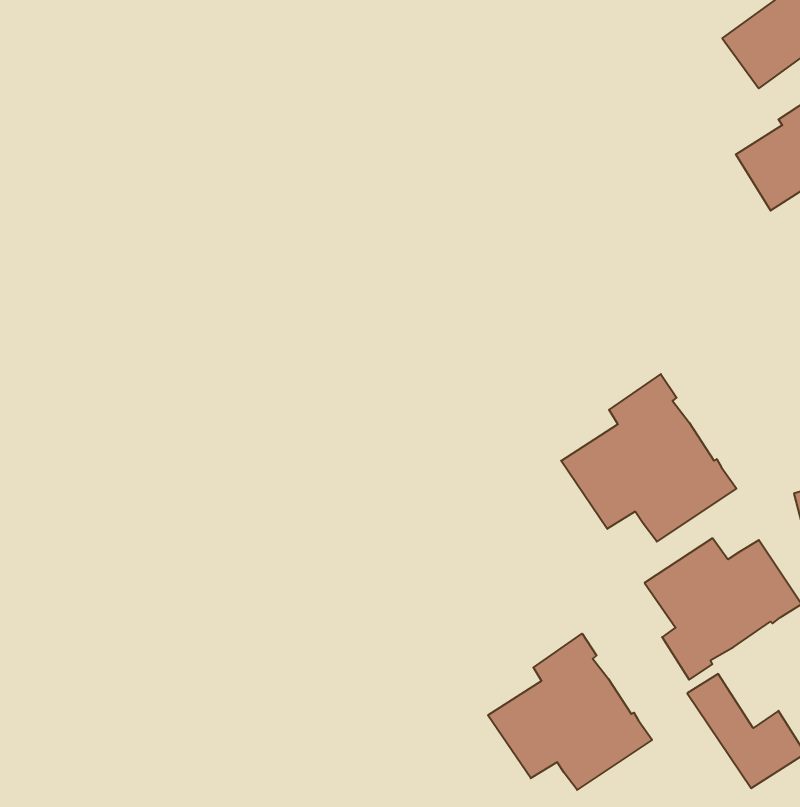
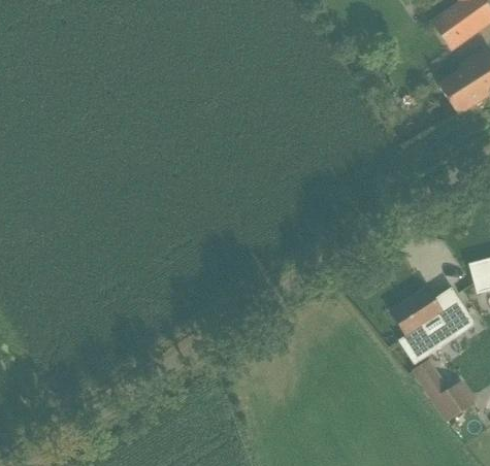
building: [561,374,736,542] -> none
building: [488,634,652,790] -> none

